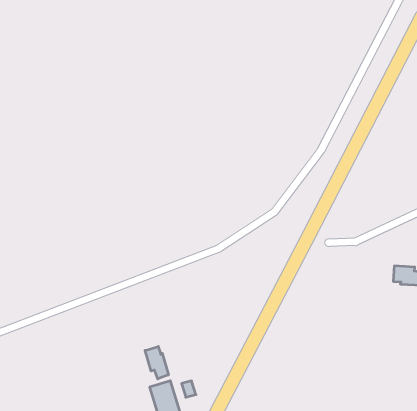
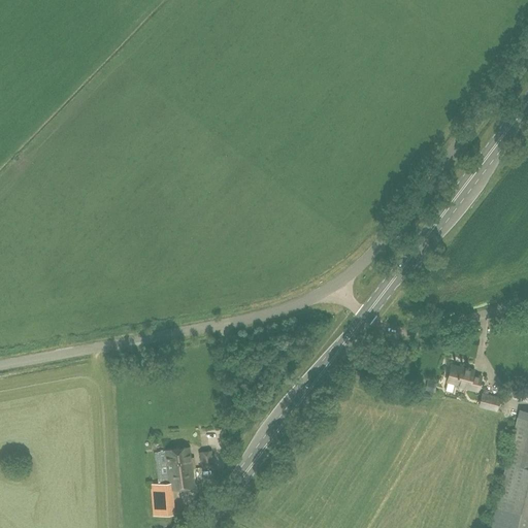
building: [145,346,168,379] -> none

